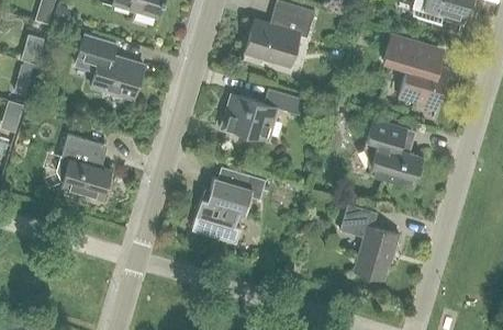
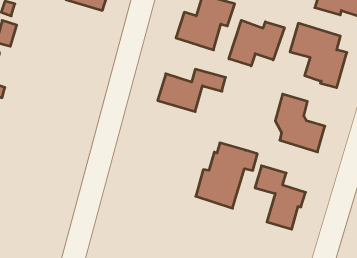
building: none -> [229,20,284,66]
building: [77,34,144,99] -> none
building: [57,134,112,200] -> none
building: [192,167,266,244] -> [196,143,257,208]

